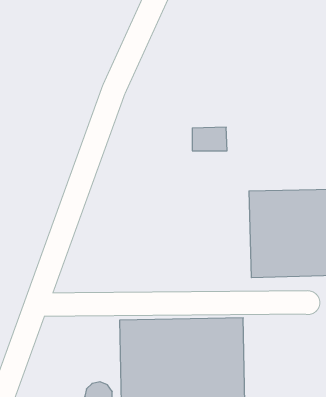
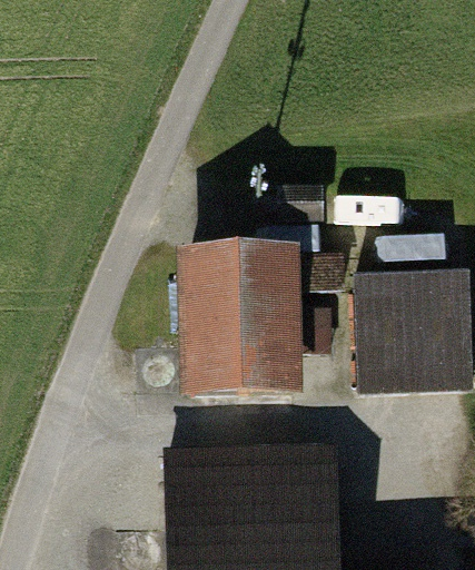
building: none -> [175,252,340,394]

